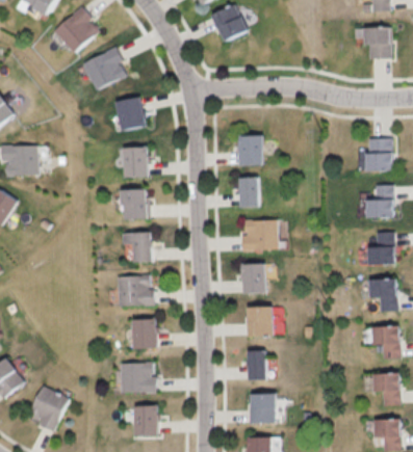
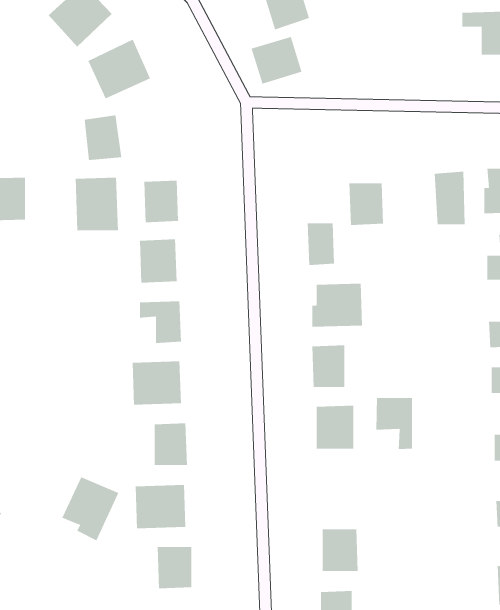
building: none -> [251,36,302,84]
building: [119,97,146,129] -> [84,115,122,161]
building: [237,135,262,165] -> [349,183,384,225]
building: none -> [434,171,465,225]
building: none -> [75,177,119,231]
building: none -> [376,397,412,450]
building: [247,350,265,379] -> none
building: [28,385,69,431] -> [62,477,119,541]

